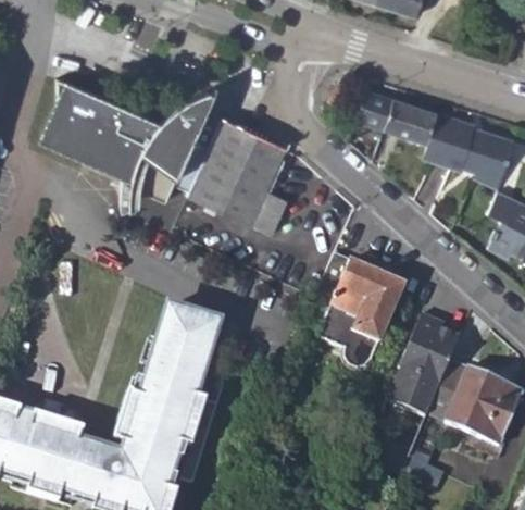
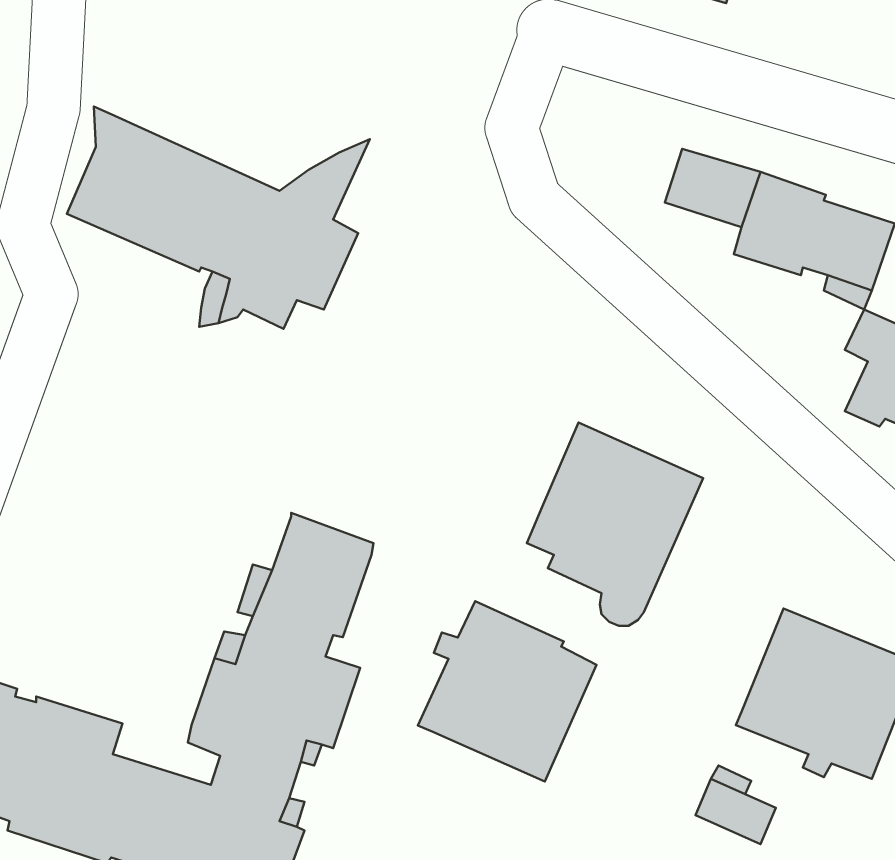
building: [355,90,392,129] -> none
building: [187,119,287,234] -> none
building: [389,315,460,419] -> none
building: none -> [418,601,597,782]

